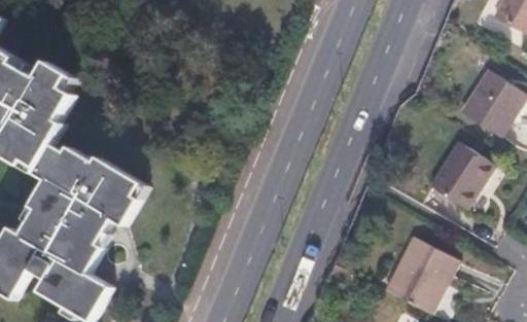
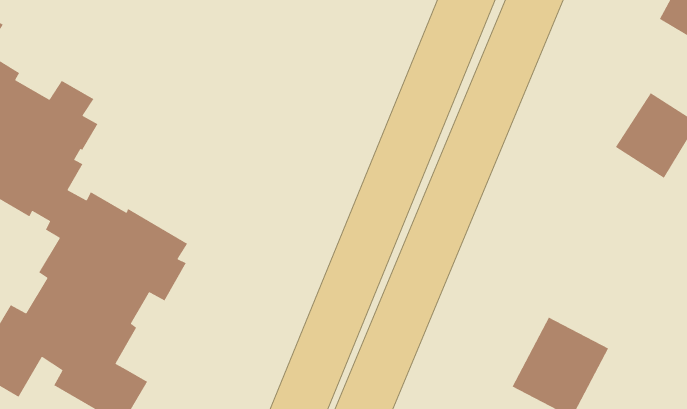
building: [431,142,495,209] -> none

